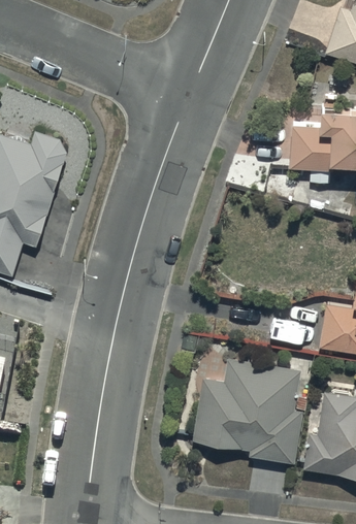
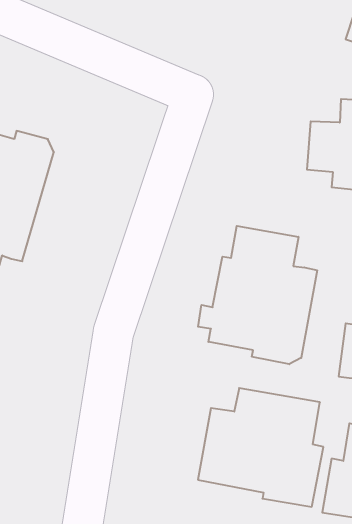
building: none -> [198,226,317,364]

